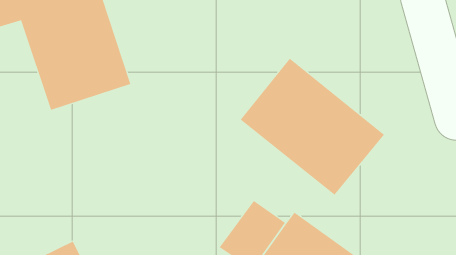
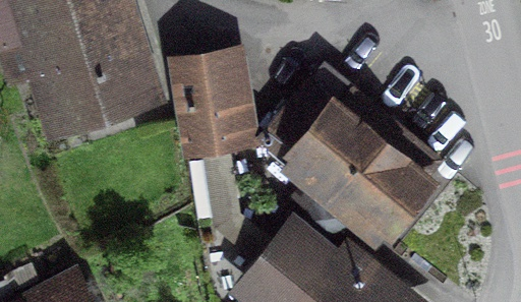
building: none -> [173,54,245,144]

